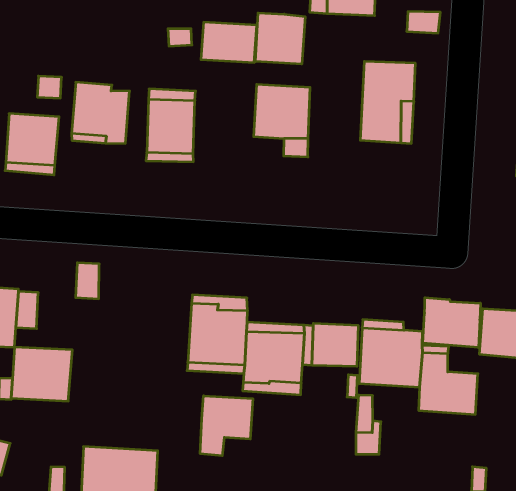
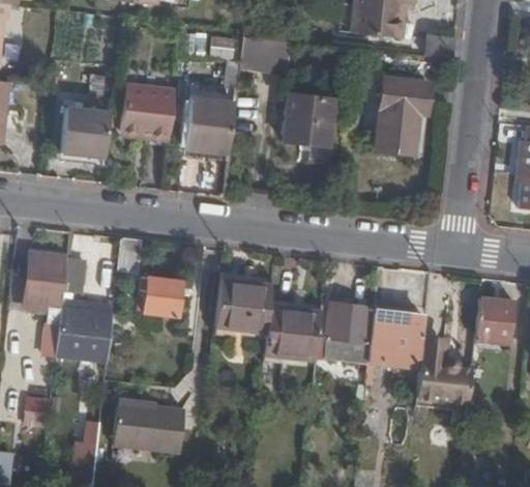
building: [255,13,305,64] -> none
building: [423,298,480,348] -> none
building: none -> [138,278,181,315]
building: [200,396,253,456] -> none

